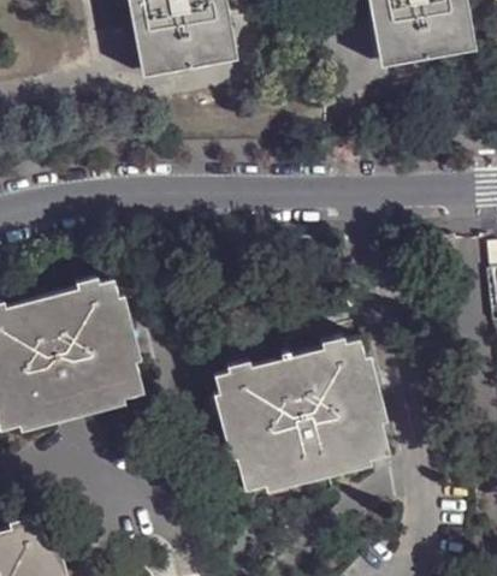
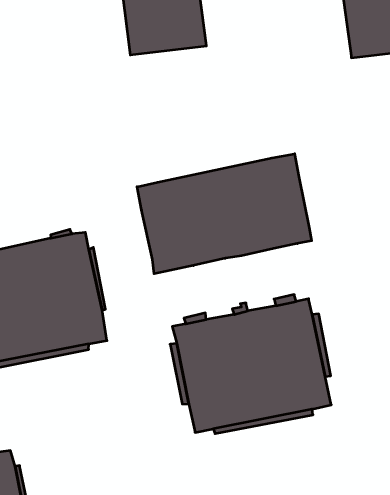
building: none -> [137,154,312,274]

